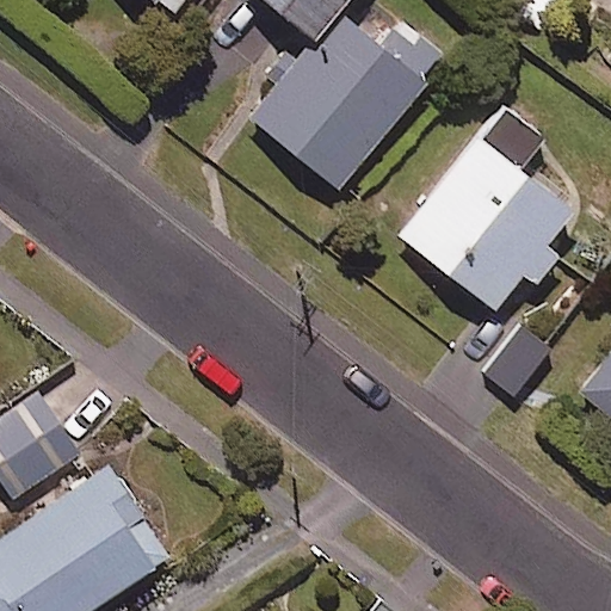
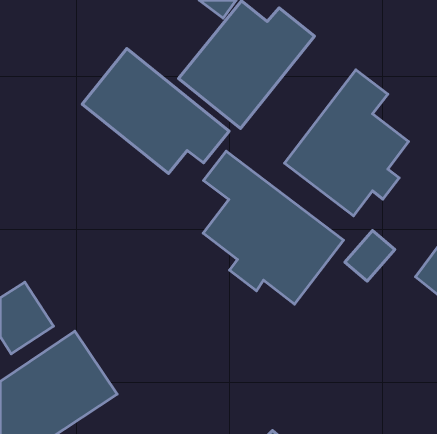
building: none -> [82,49,229,174]
building: none -> [203,151,343,304]

